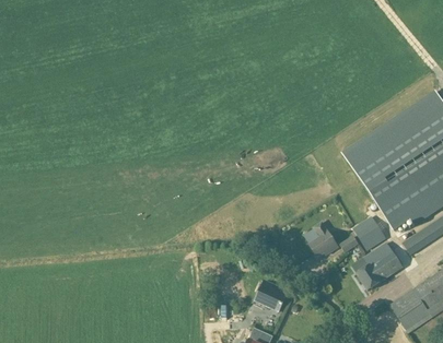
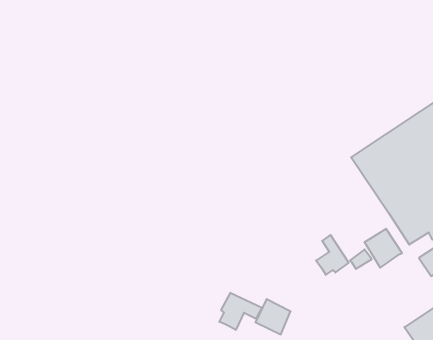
building: [357,240,404,291] -> none
building: none -> [219,293,262,330]

